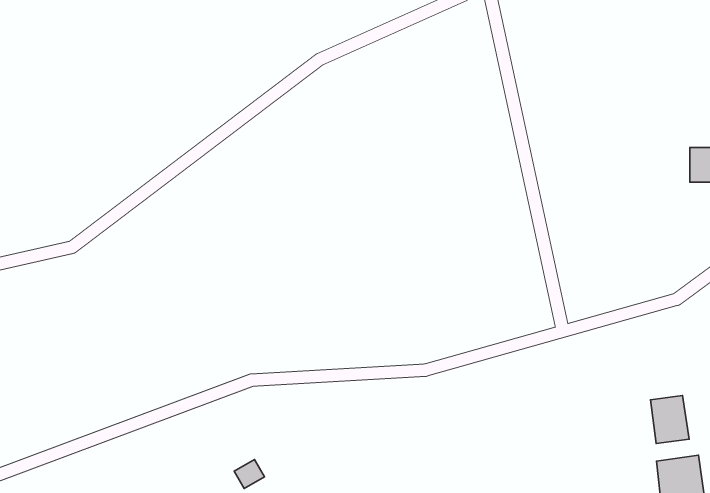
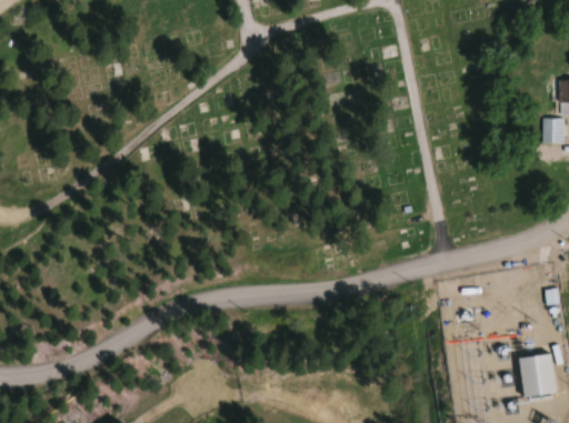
building: [650,396,689,444] -> none

